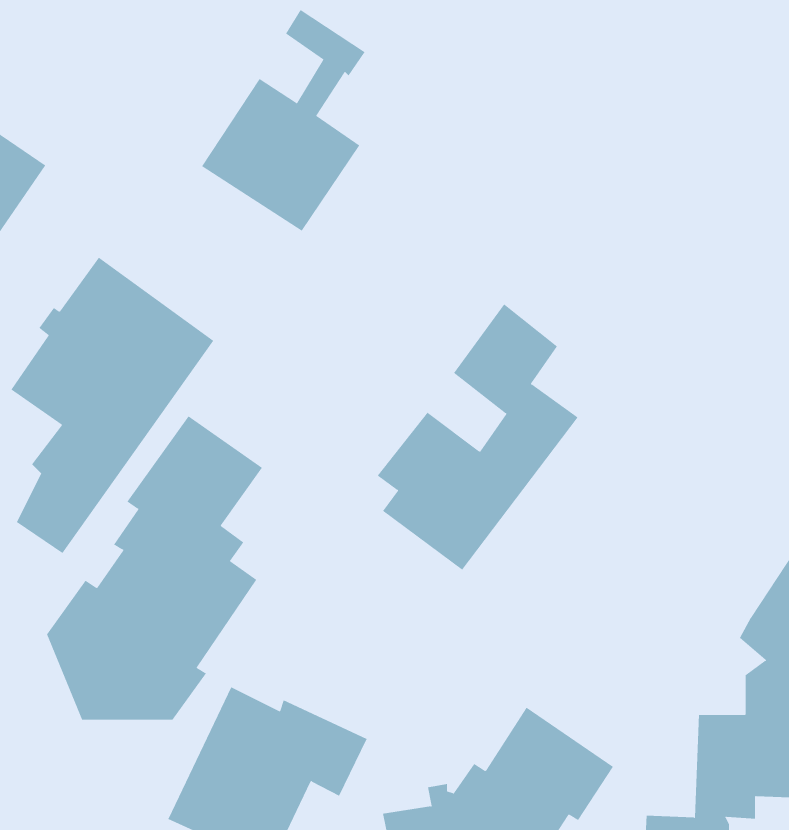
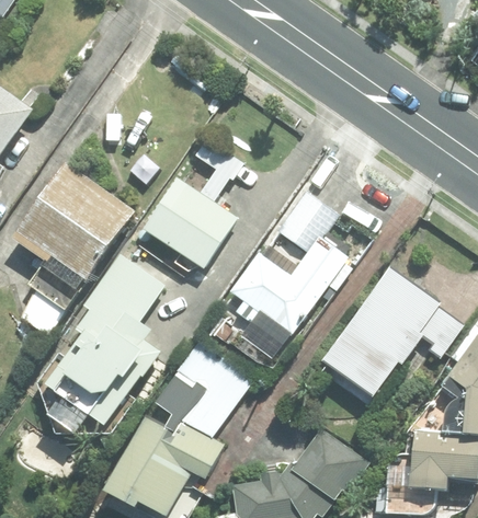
building: [201,9,366,231] -> [144,138,240,268]
building: none -> [321,265,462,399]
building: none -> [173,339,249,436]

